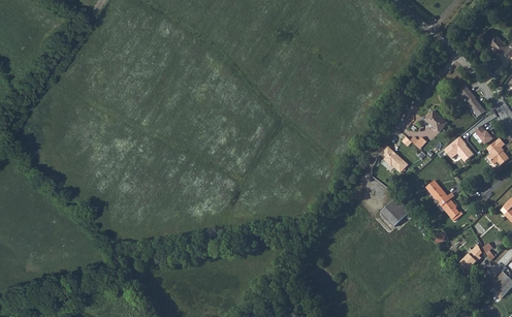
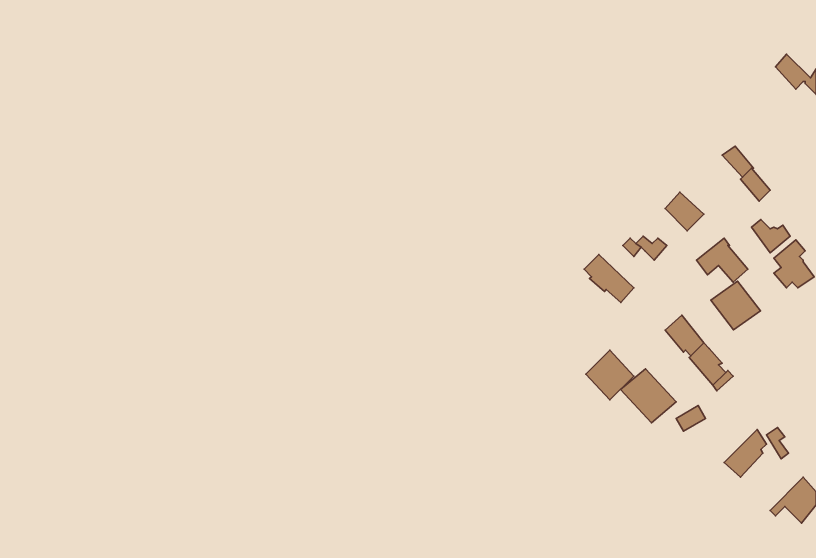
building: none -> [711,281,760,330]
building: none -> [621,369,676,423]

